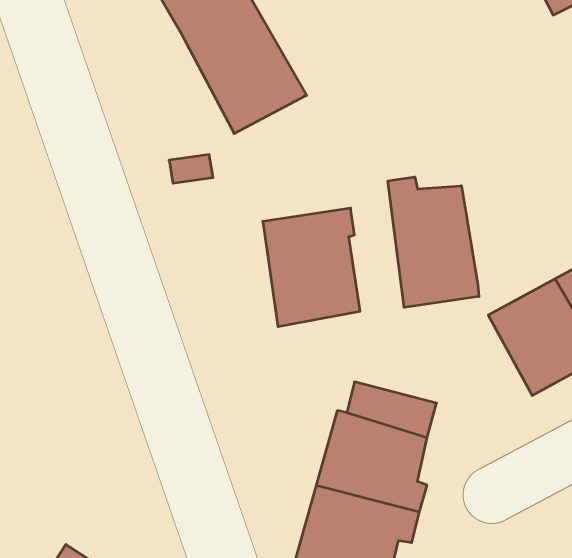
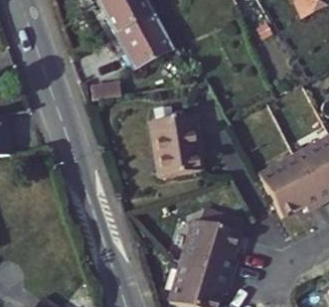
building: [388,177,479,307] -> none

